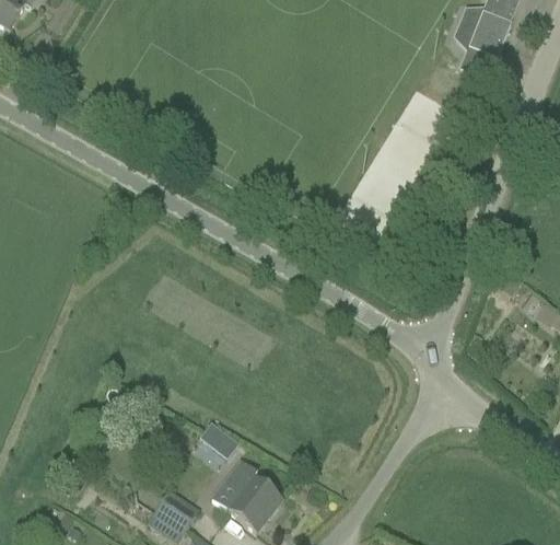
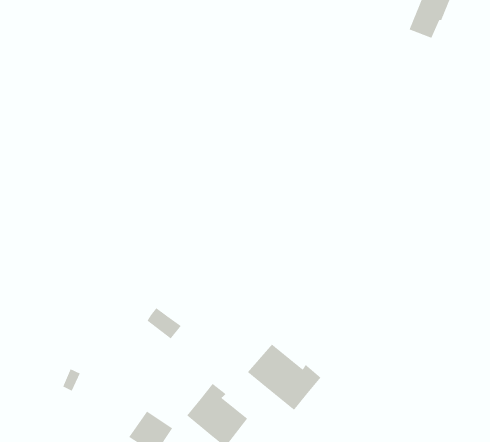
building: none -> [247,343,322,411]
building: [199,422,238,459] -> [146,307,182,340]

